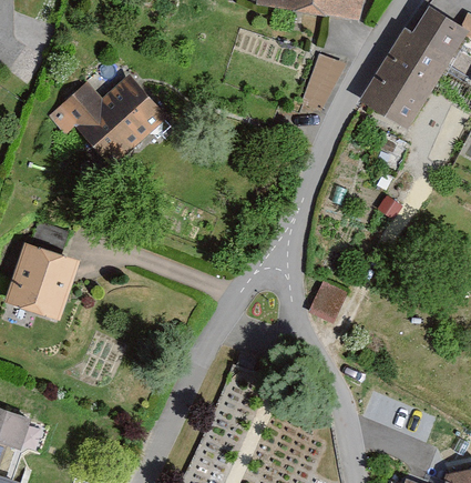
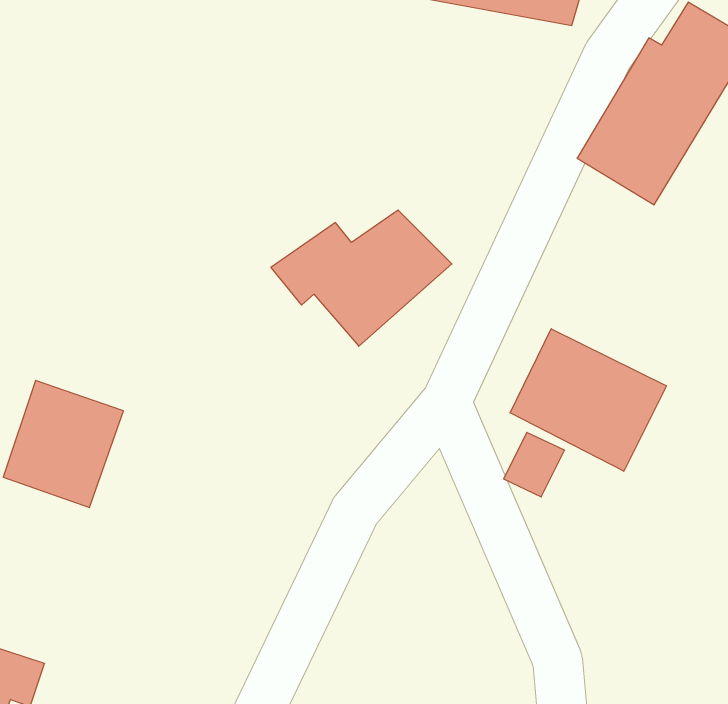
building: [304,48,348,103] -> none
building: [51,78,163,162] -> [271,210,452,346]
building: none -> [510,329,666,471]

